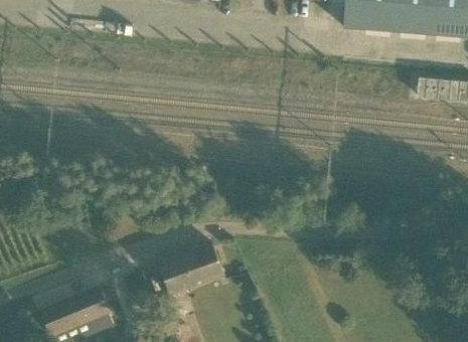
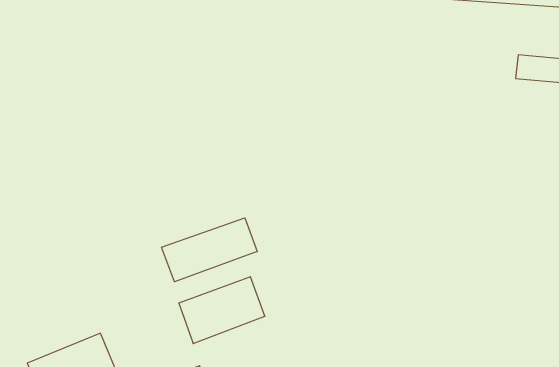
building: none -> [162,218,257,282]

